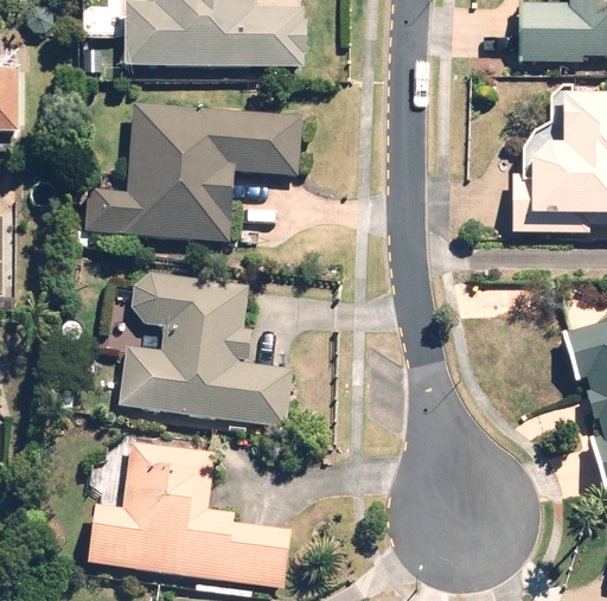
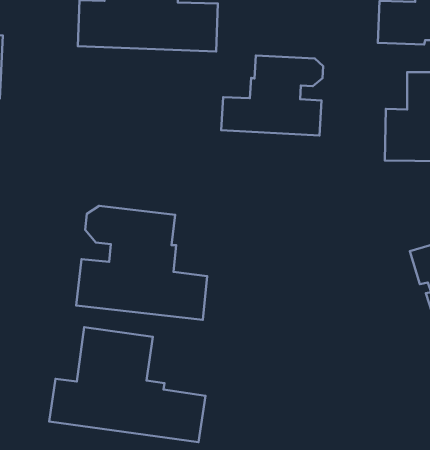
building: none -> [221,56,323,136]
building: [78,104,300,239] -> none

